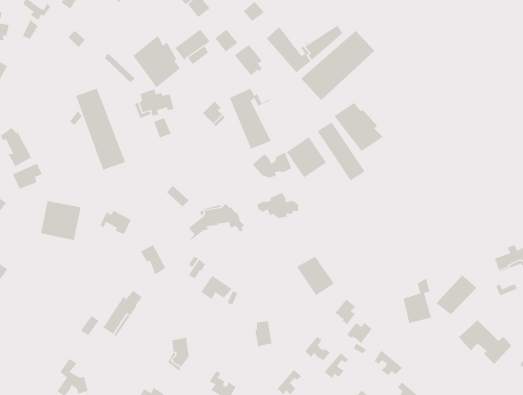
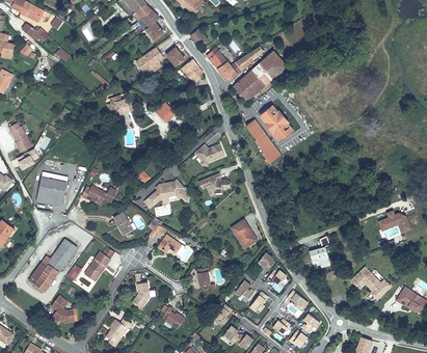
building: [132,35,180,88] -> none
building: [229,88,271,149] -> none
building: [75,88,126,171] -> none
building: [286,136,327,178] -> none
building: [436,275,477,315] -> none
building: none -> [27,239,75,293]

